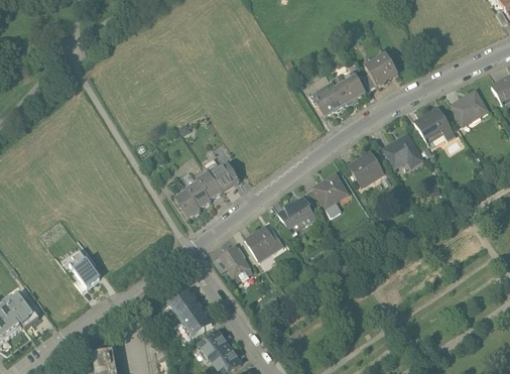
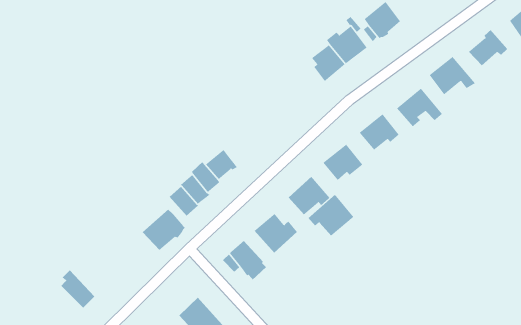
building: none -> [142,209,186,251]
building: none -> [308,194,354,237]

